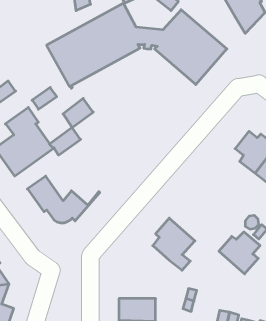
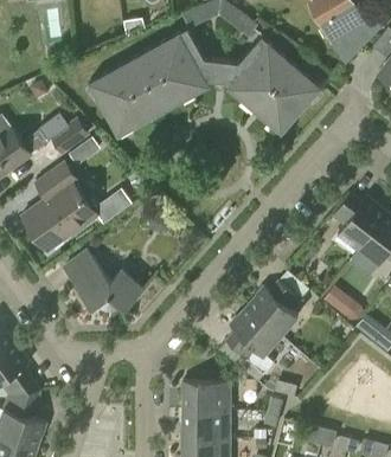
building: [63,98,93,128] -> [51,117,90,155]
building: [219,232,260,274] -> [246,282,300,336]
building: none -> [181,382,229,411]

